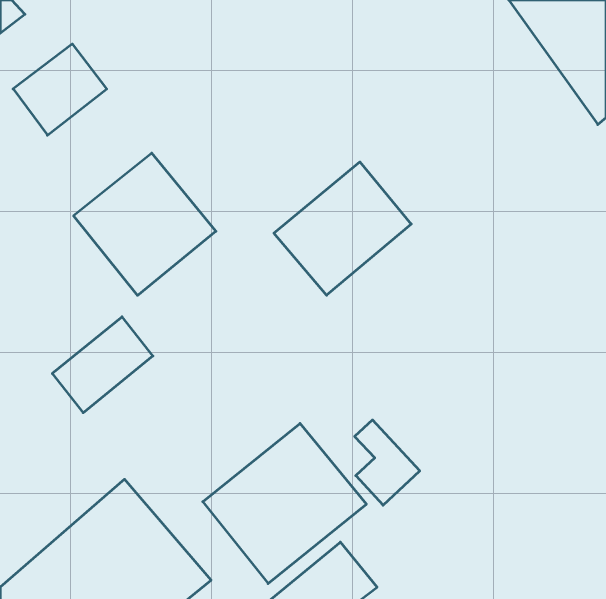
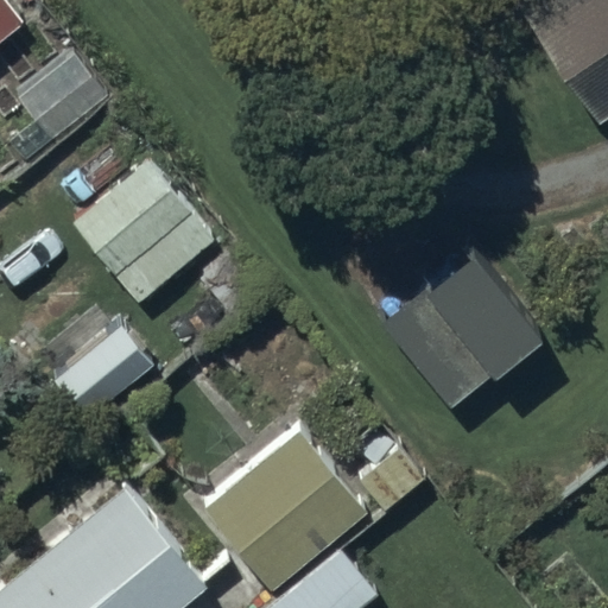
building: [274,162,411,295] -> none
building: none -> [372,251,544,406]

